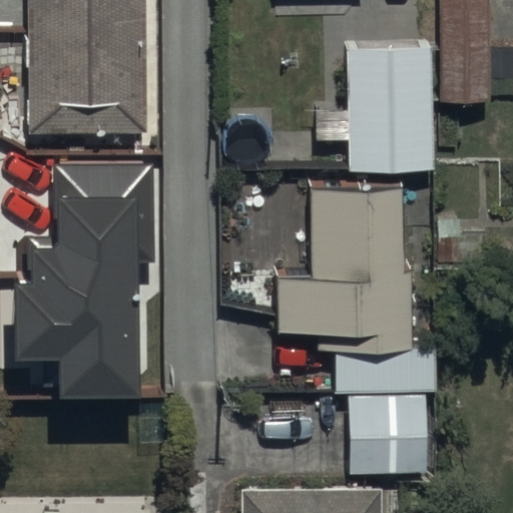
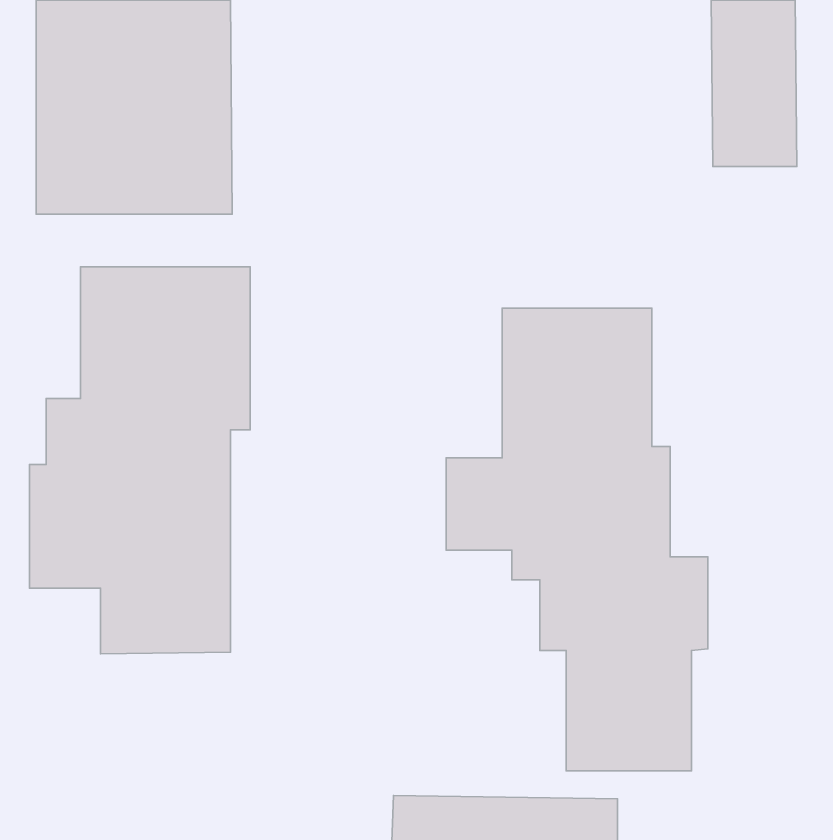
building: [348,46,432,170] -> none

